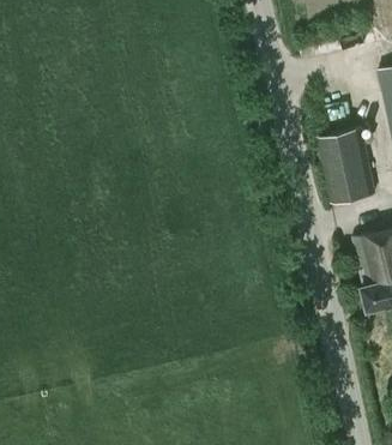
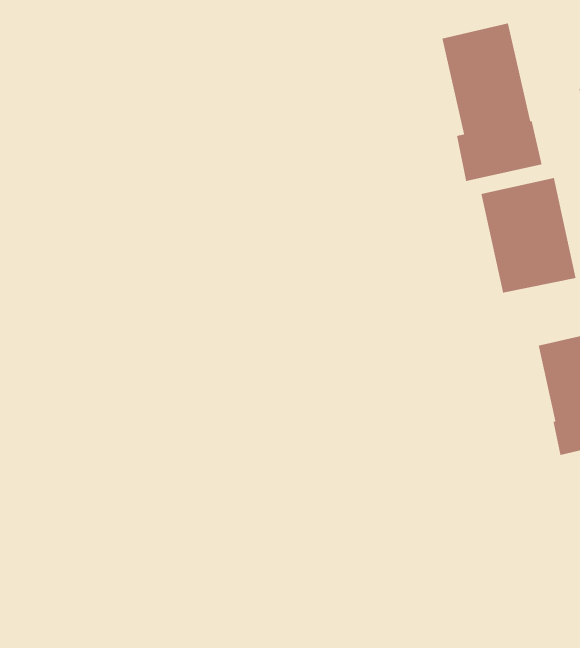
building: none -> [442,23,543,182]

